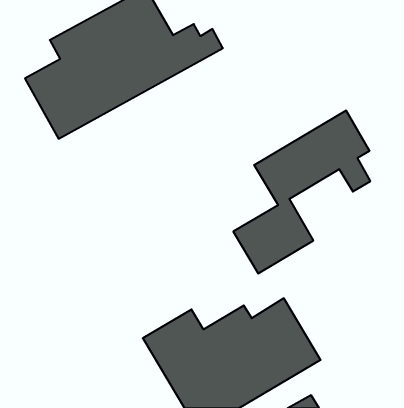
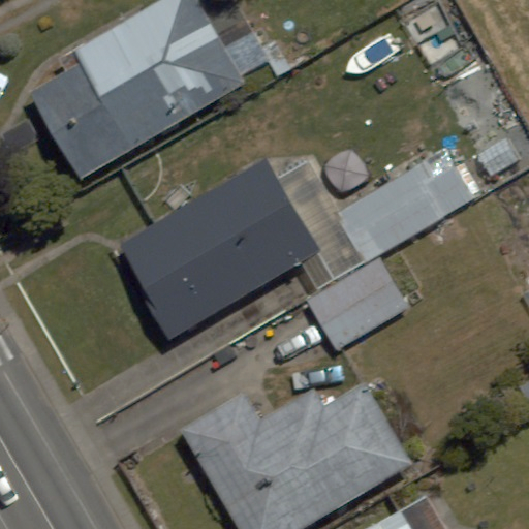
building: none -> [117,157,323,344]

